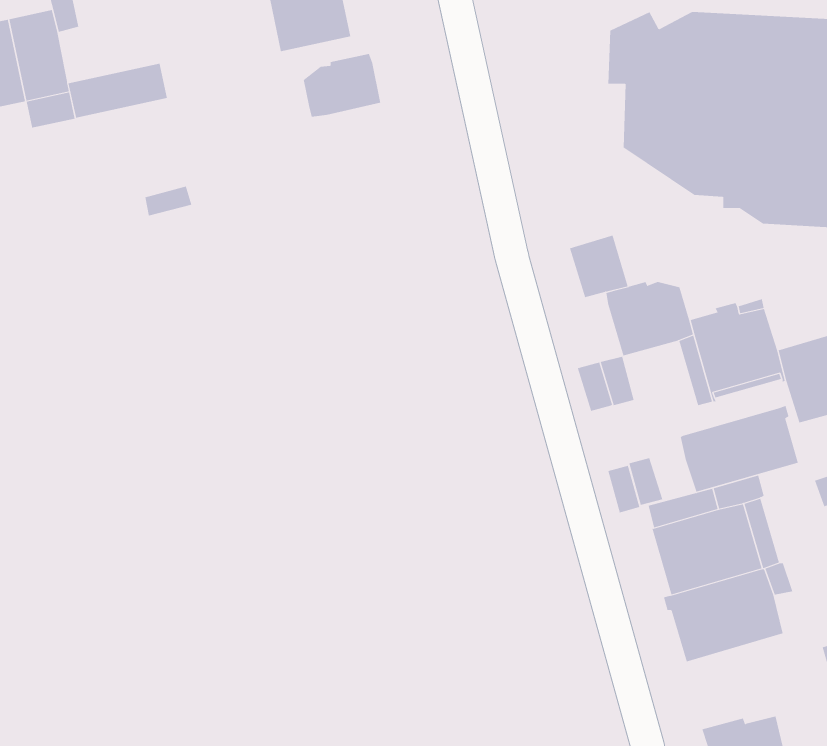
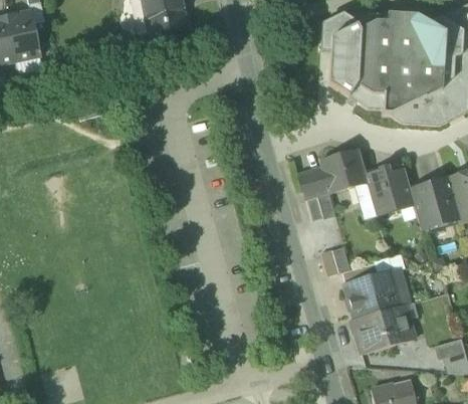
building: [303,53,381,118] -> none
building: [68,63,168,119] -> none
building: [569,235,628,298] -> [298,165,329,198]
building: [680,405,798,493] -> none

